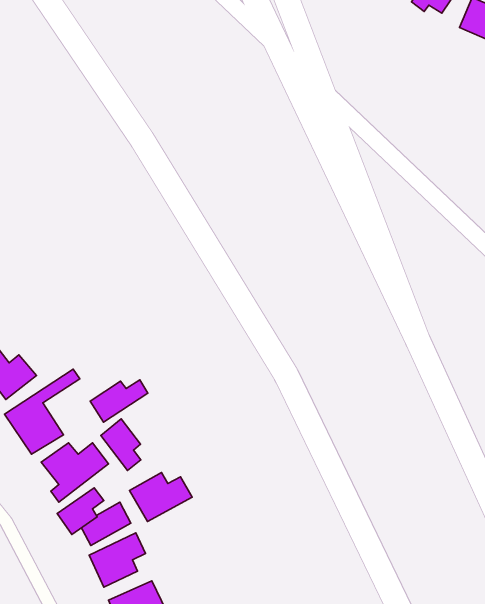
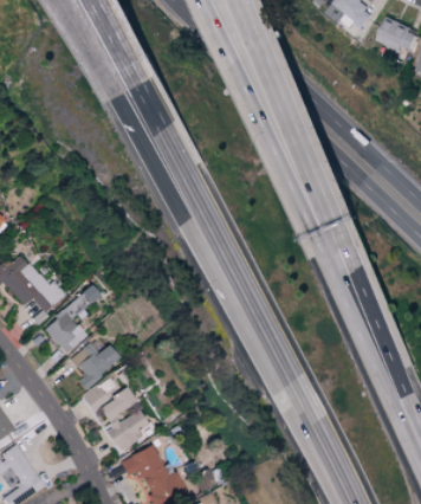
building: [90,380,148,422] -> none
building: [101,419,141,471] -> none
building: [129,473,192,522] -> none

